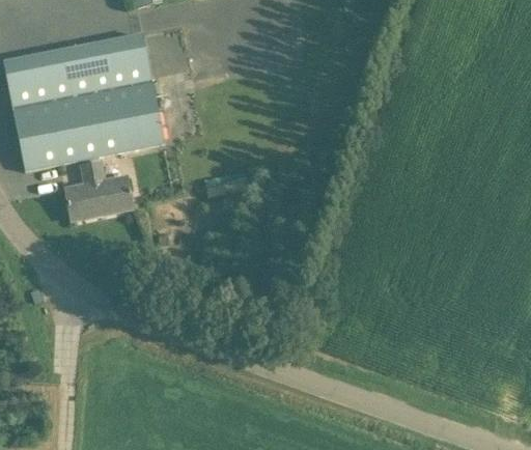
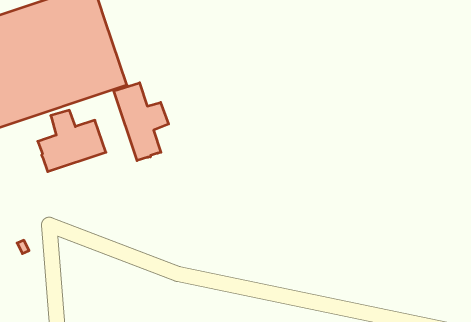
building: none -> [114,83,169,161]

